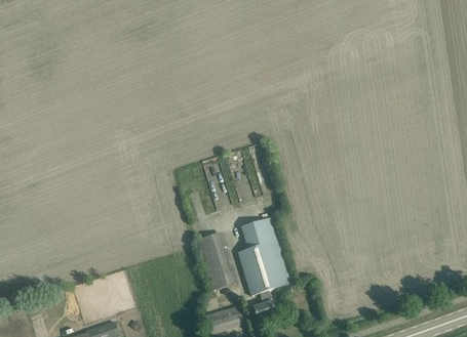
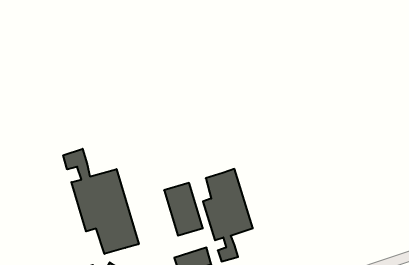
building: none -> [63,149,139,254]

